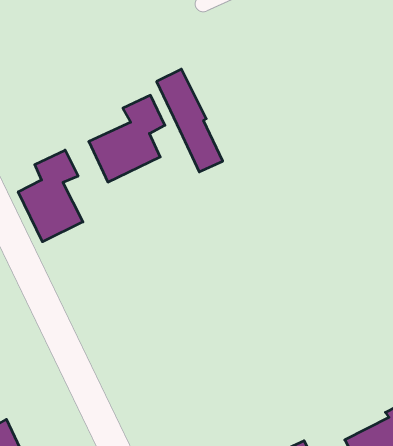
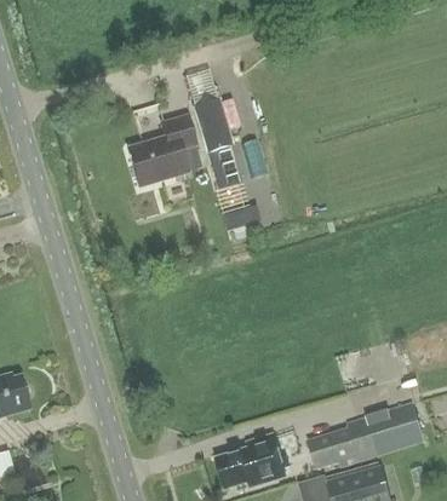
building: [18,150,83,242] -> none

